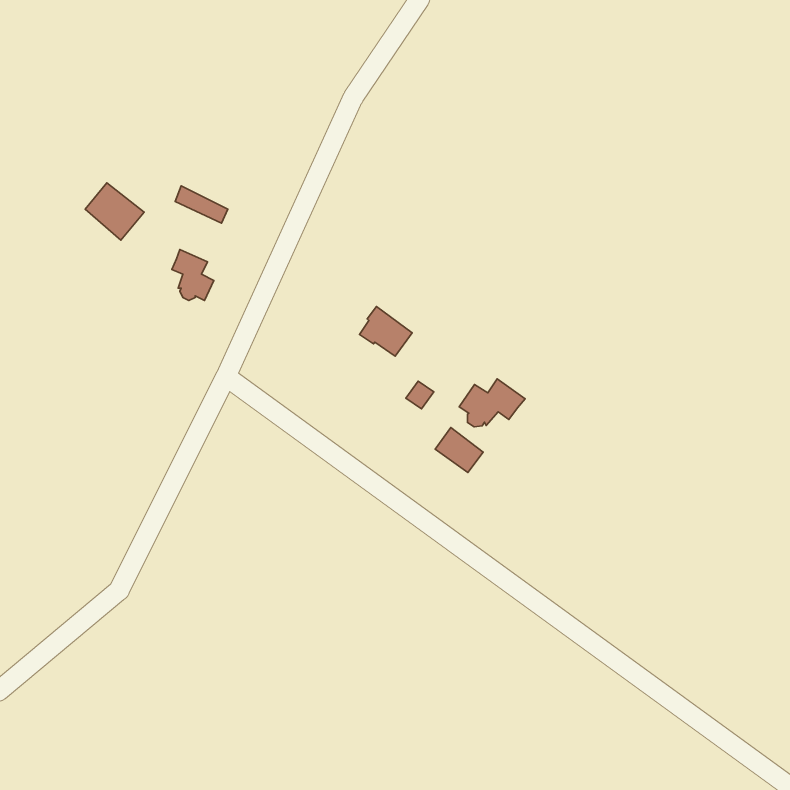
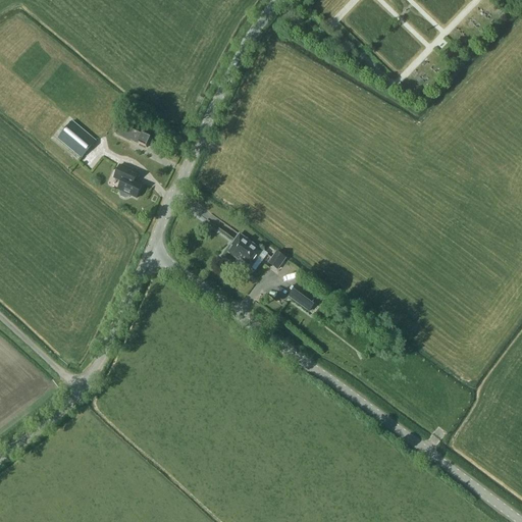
building: [359,307,412,356] -> [227,233,262,266]
building: [459,379,525,427] -> none

